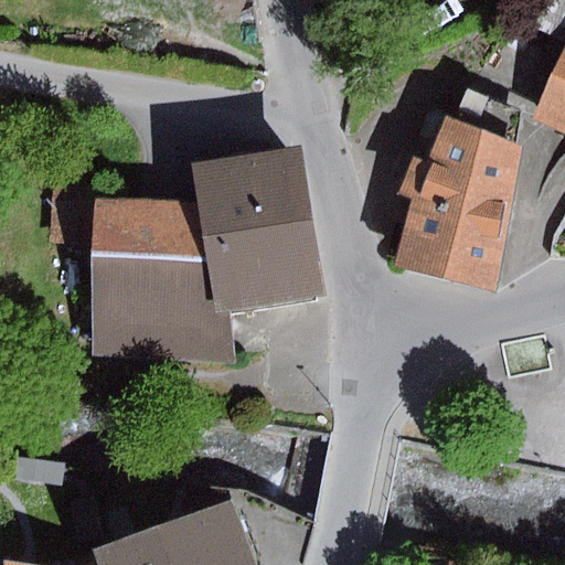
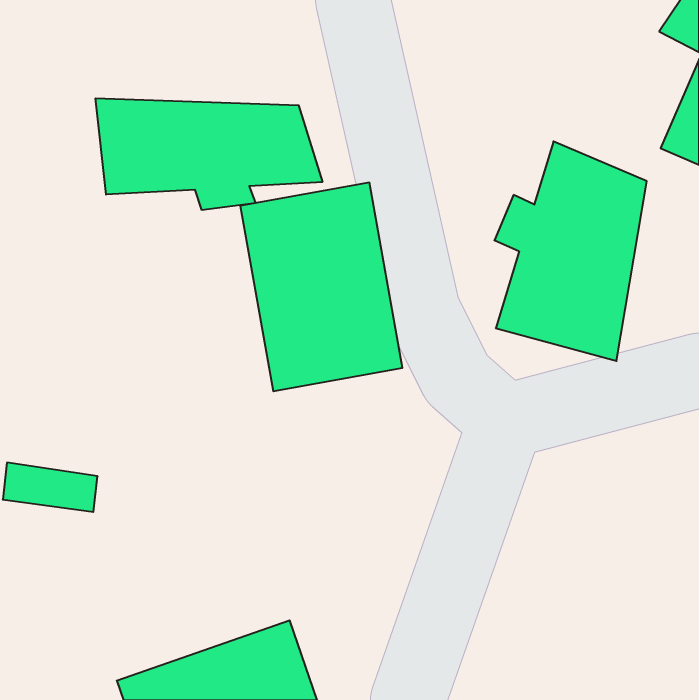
building: none -> [96,98,322,210]
building: [46,184,222,363] -> none

